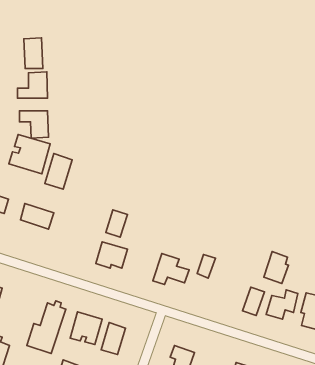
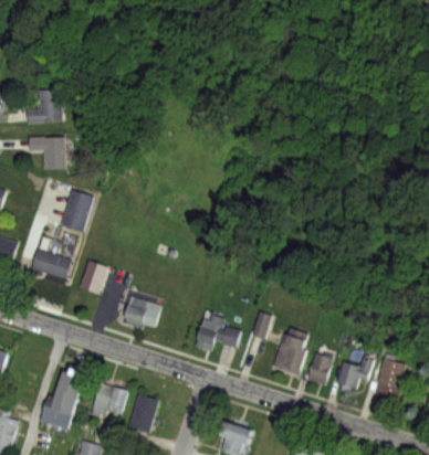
building: [24,38,43,69] -> none
building: [9,135,50,174] -> none
building: [106,210,128,237] -> [80,261,106,294]
building: [264,252,288,283] -> [272,335,302,373]

